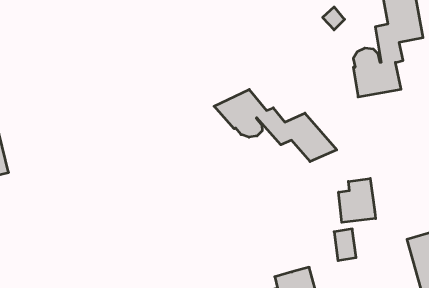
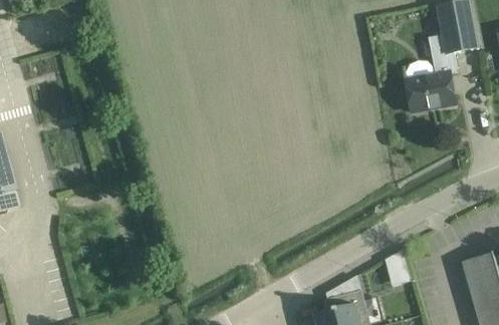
building: [214,89,337,162] -> none
building: [339,178,376,222] -> none

